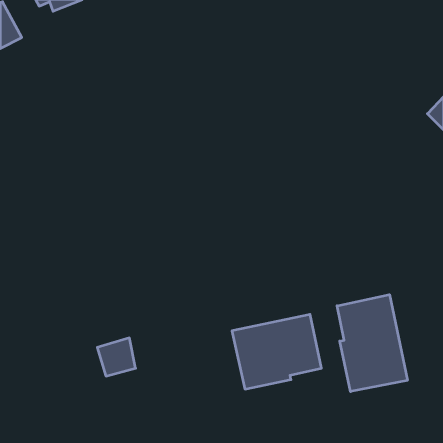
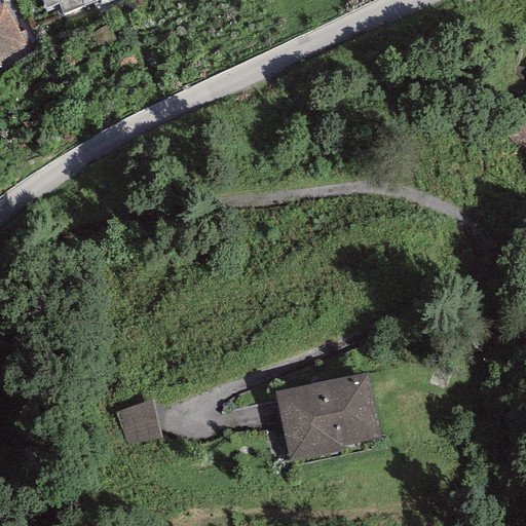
building: [337,295,407,392] -> none

